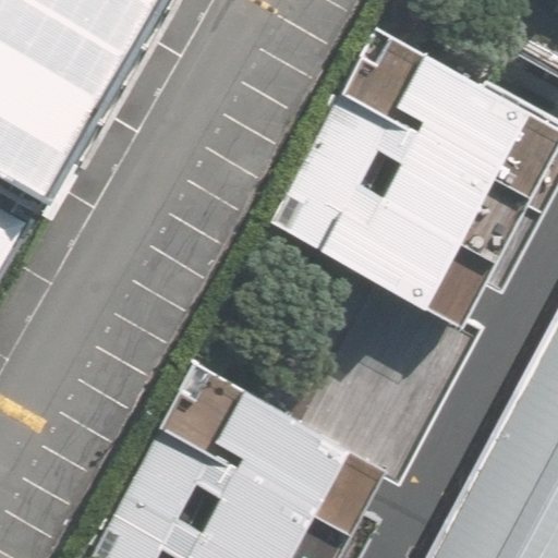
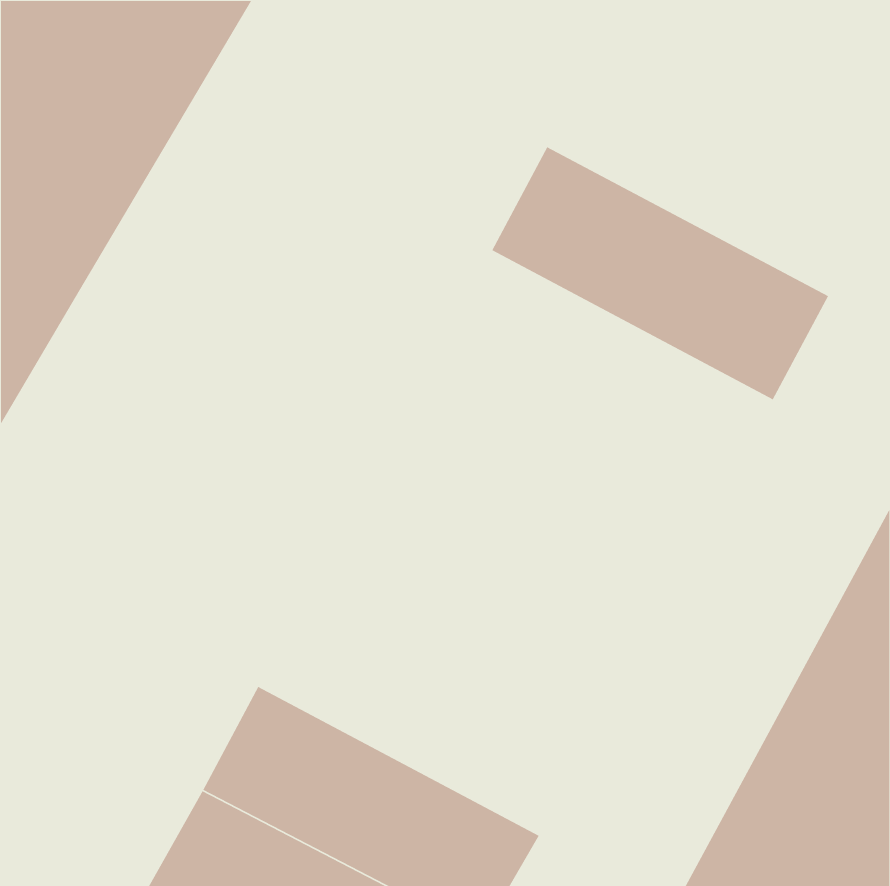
building: [342,29,553,187] -> none
building: [272,159,484,317] -> none
building: [161,367,373,525] -> none

